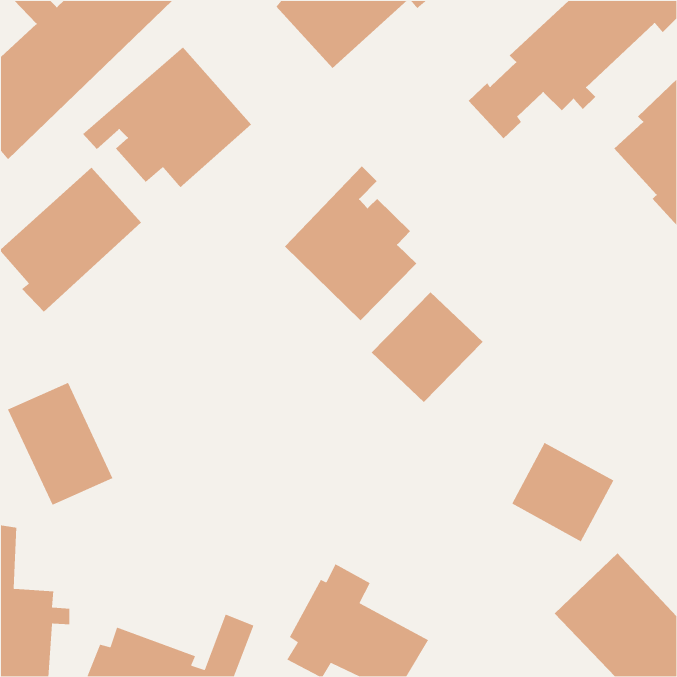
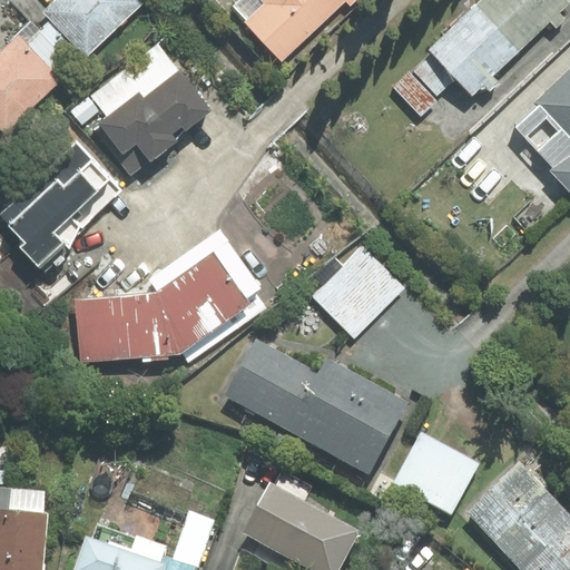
building: [284,165,417,321] -> none
building: none -> [75,227,267,362]
building: [7,382,114,506] -> none
building: none -> [225,342,410,479]
building: [511,442,614,542] -> [392,435,479,520]

